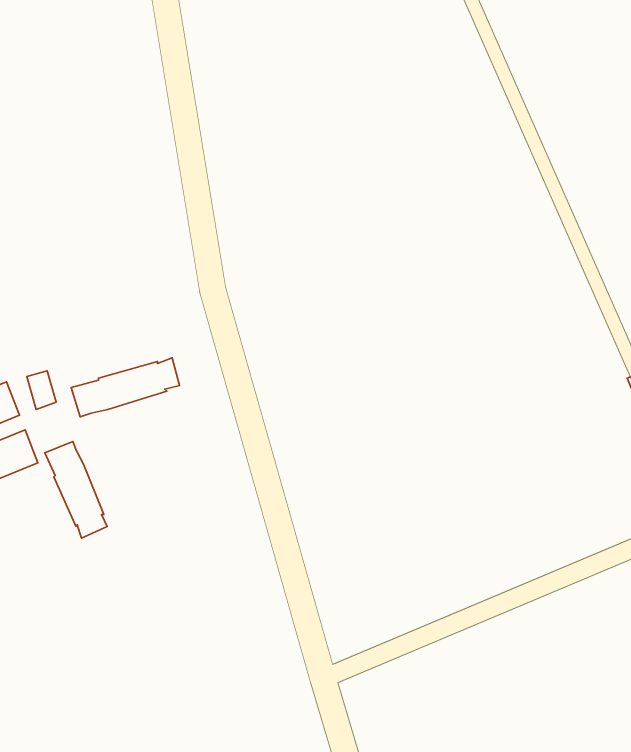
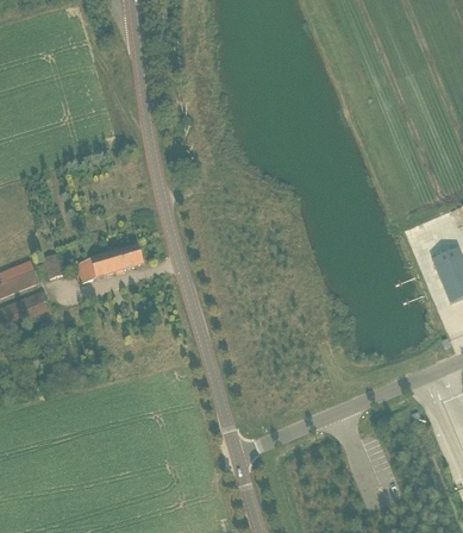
building: [45,441,107,538] -> none

